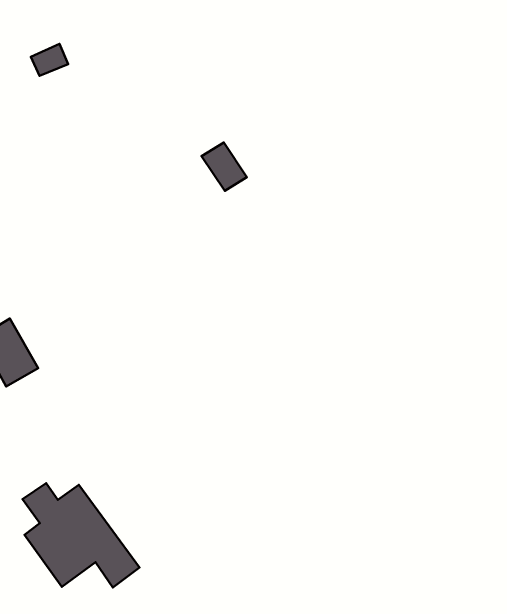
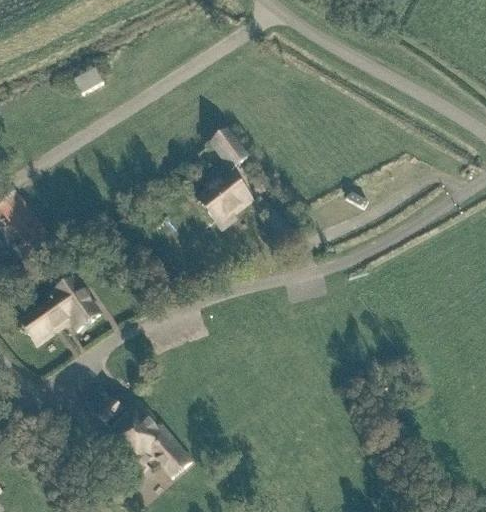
building: none -> [197,168,249,226]

